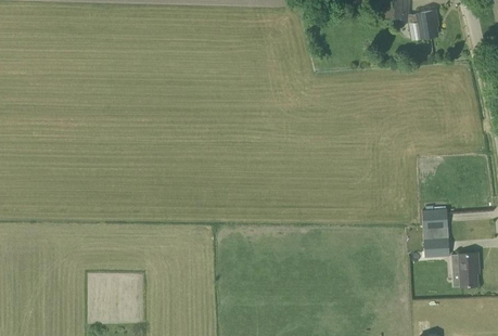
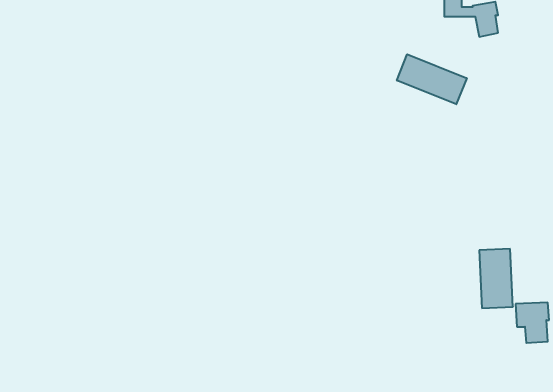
building: none -> [397,54,467,104]

